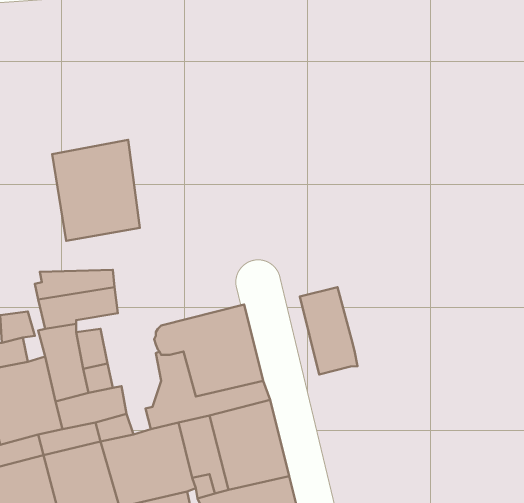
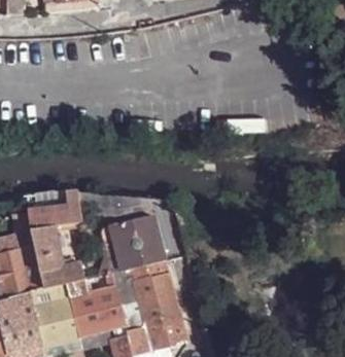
building: [52,140,140,241] -> none
building: [300,287,358,374] -> none

